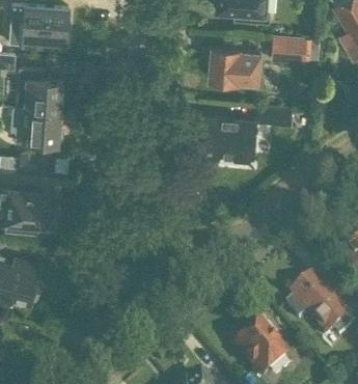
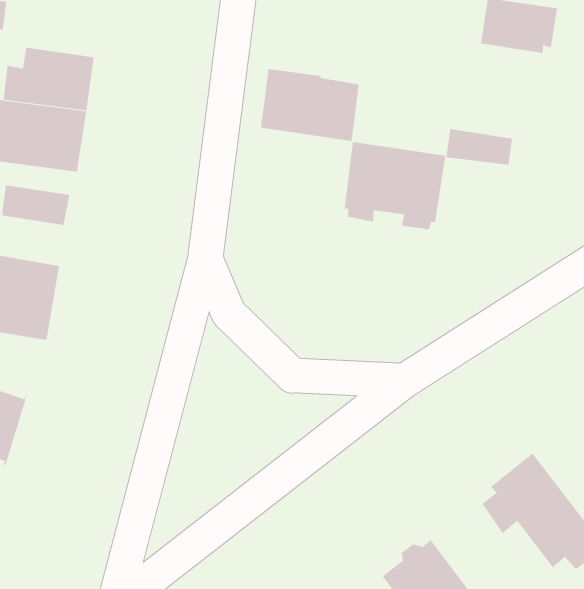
building: [209,46,260,82] -> [260,69,360,142]

